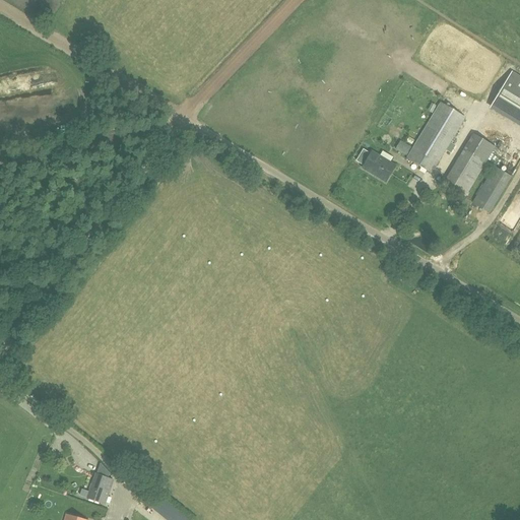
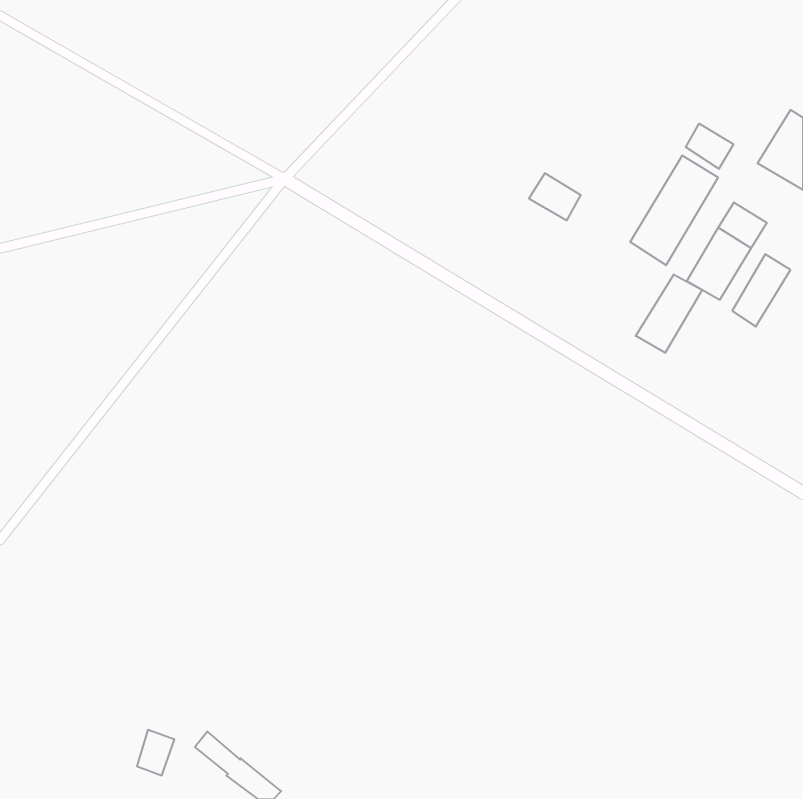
building: none -> [686,124,733,169]
building: [362,149,395,180] -> [529,173,581,220]
building: none -> [636,274,702,353]

